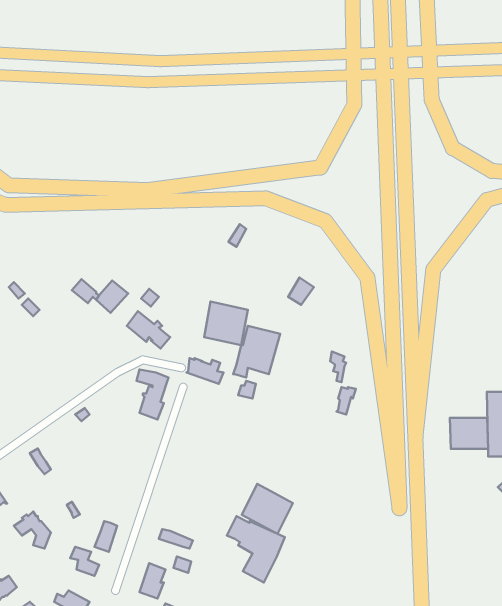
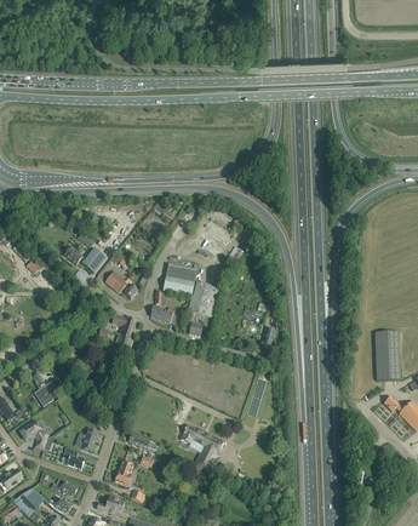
building: [450,418,488,449] -> none
building: [242,484,293,534] -> none

